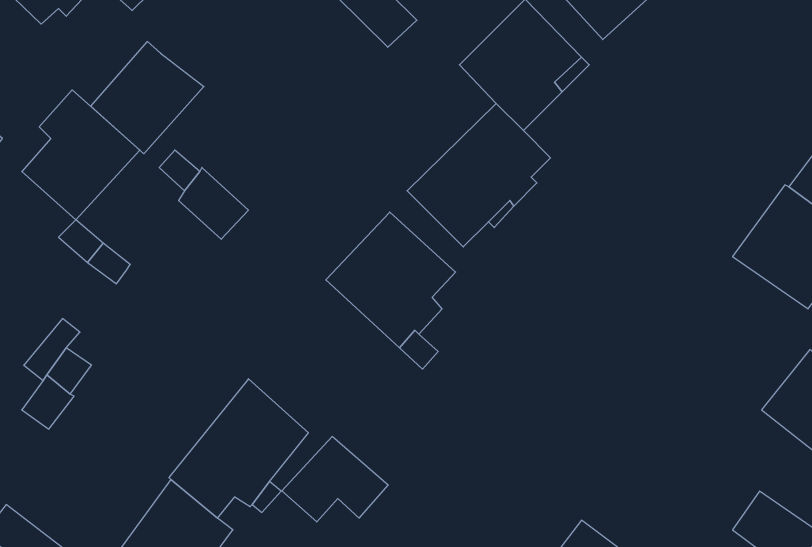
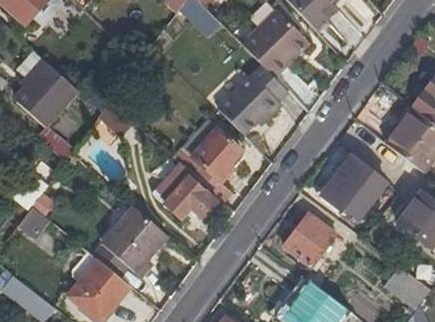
building: [91,42,204,154] -> none
building: none -> [321,155,387,222]
building: none -> [283,214,334,267]
building: [282,437,388,522] -> [162,177,217,221]

